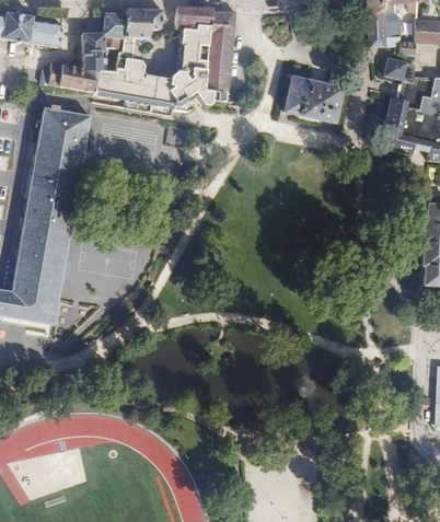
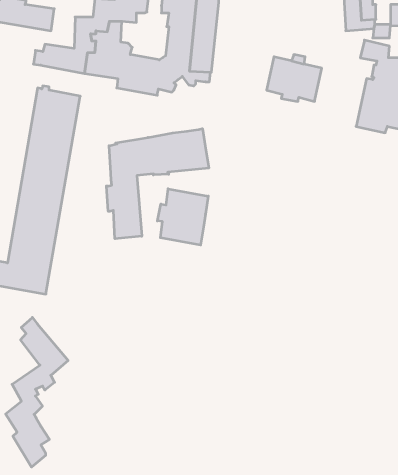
building: none -> [106,129,209,239]
building: none -> [157,189,208,245]
building: none -> [6,317,68,467]

